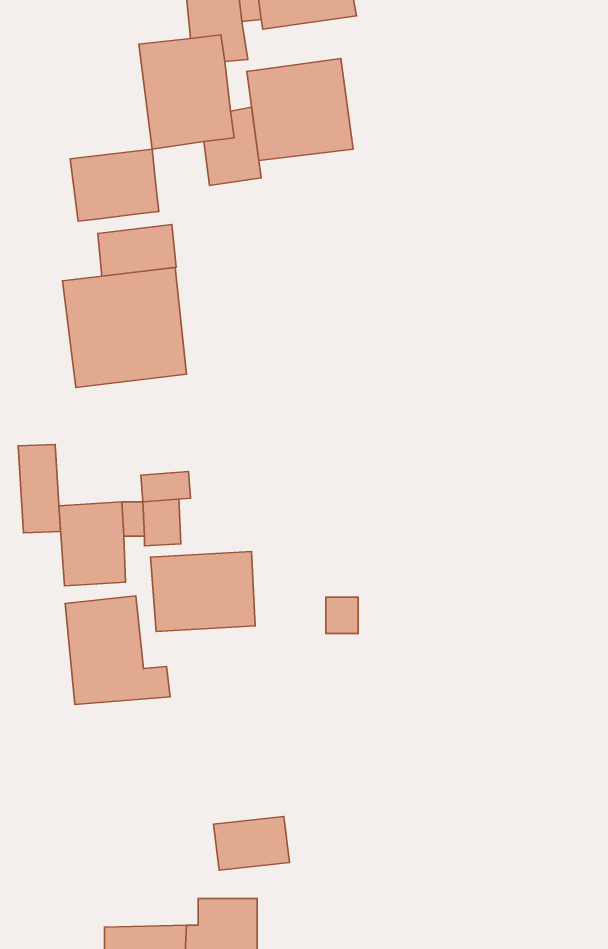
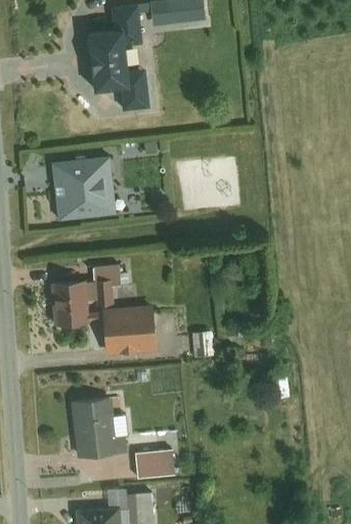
building: [247,58,353,160] -> none
building: [70,149,159,221] -> none
building: [98,225,176,276] -> none
building: [18,445,60,533] -> none
building: [65,596,170,705] -> [68,397,124,455]

